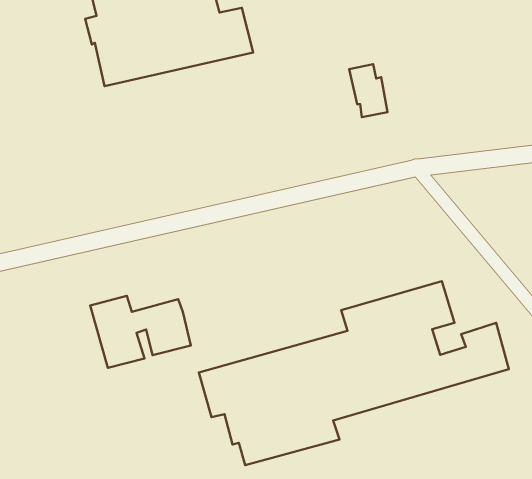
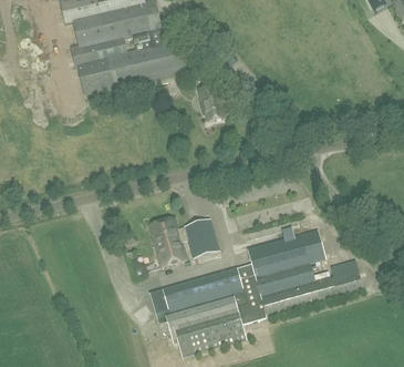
building: [349,64,387,117] -> [198,83,225,120]
building: [90,296,191,368] -> [148,215,218,265]

